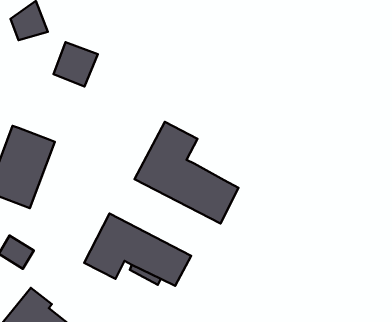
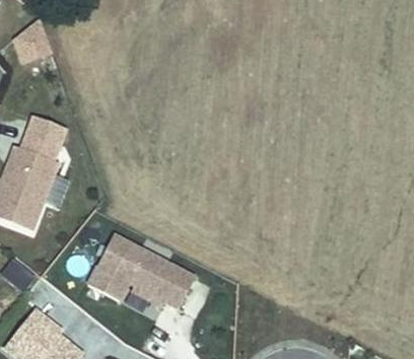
building: [53,42,98,86] -> [21,116,66,160]
building: [135,122,239,224] -> none

